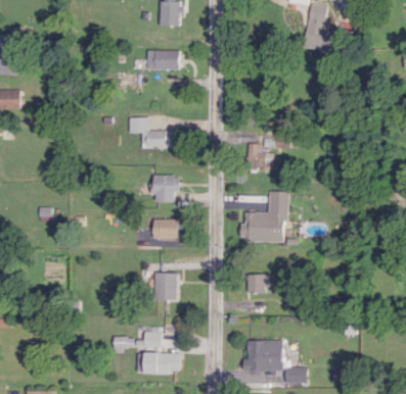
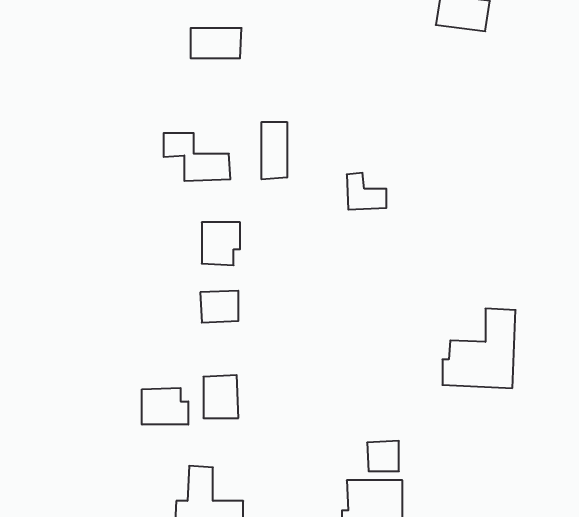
building: none -> [262,122,287,179]
building: [239,191,286,242] -> [442,309,516,388]
building: [246,274,267,293] -> [367,441,399,471]
building: none -> [142,388,188,425]

